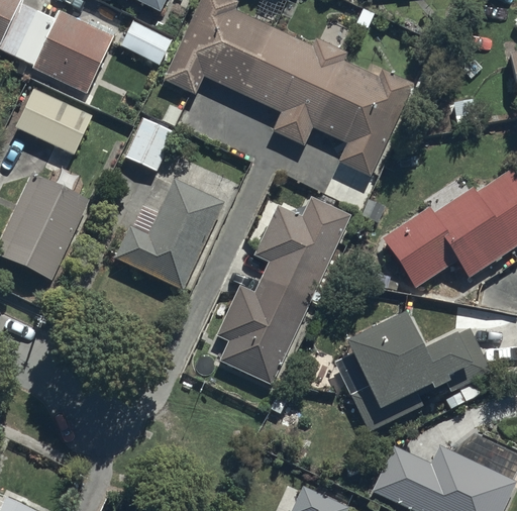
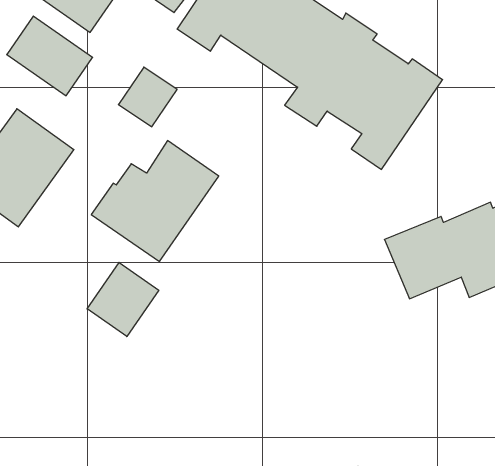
building: [216,198,349,385] -> none
building: none -> [87,262,159,337]
building: [333,316,490,429] -> none

